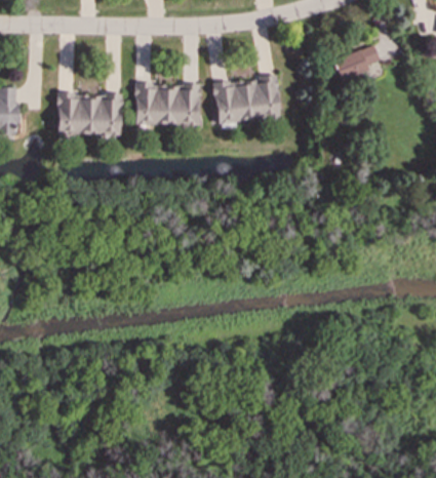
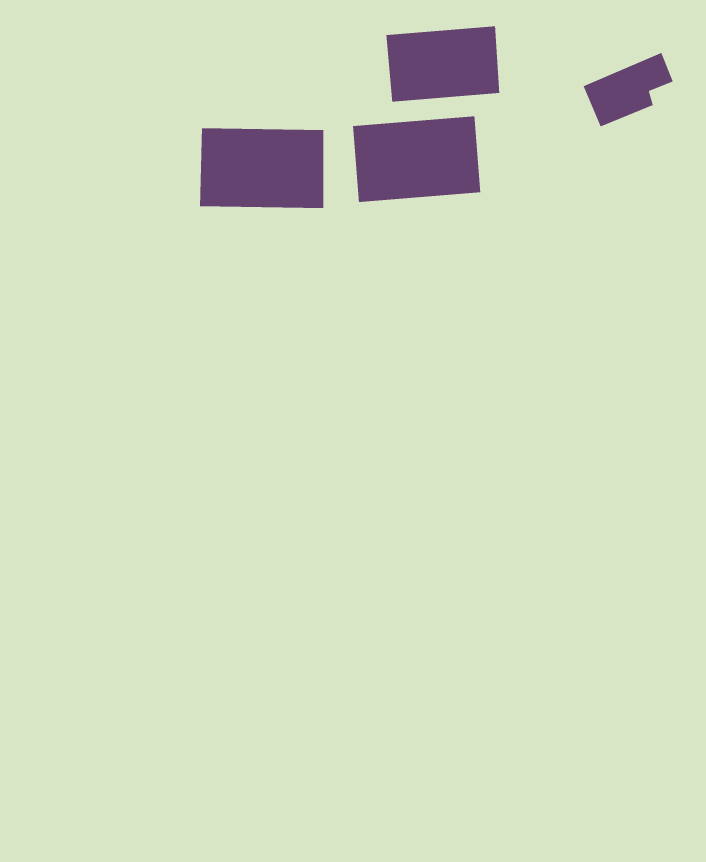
building: none -> [385,26,500,102]
building: [56,93,120,134] -> none

